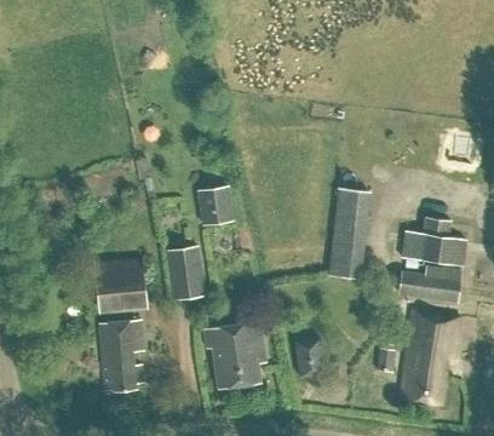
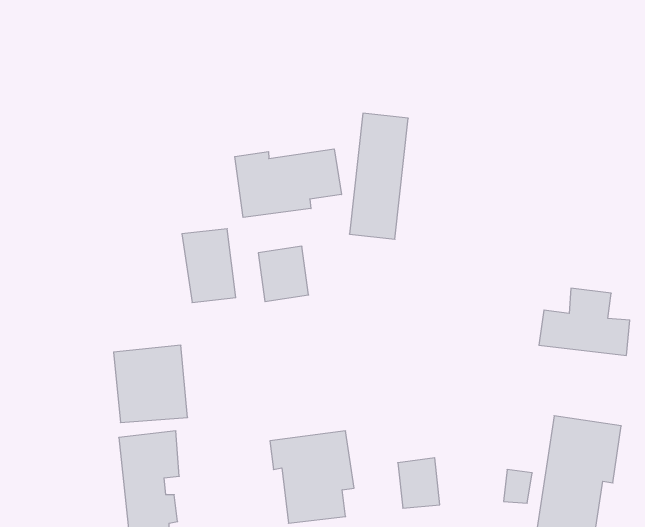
building: none -> [235,149,341,217]
building: [329,189,372,280] -> [349,113,408,239]
building: [168,248,207,302] -> [182,229,236,303]
building: [400,265,464,303] -> none

